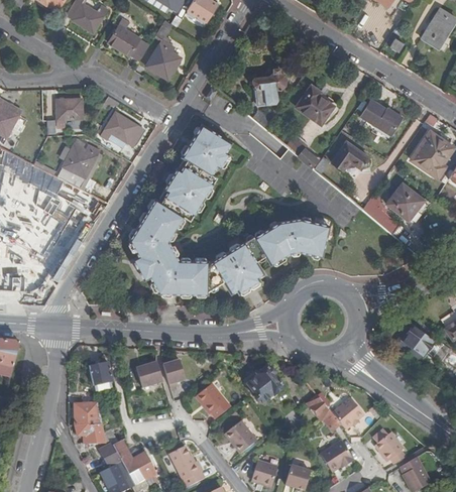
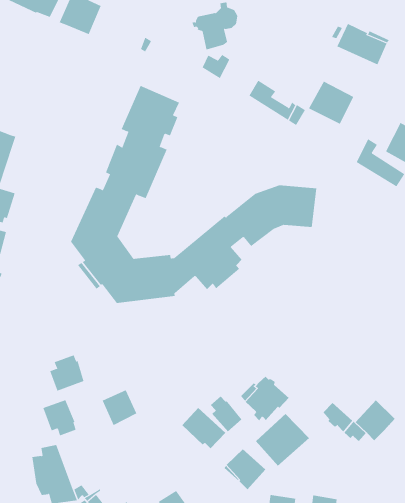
building: [297,86,336,123] -> none
building: [101,111,144,146] -> none
building: none -> [49,355,84,391]
building: [162,359,186,387] -> none
building: none -> [210,396,242,432]
building: none -> [255,413,310,467]
building: [320,440,354,471] -> none

